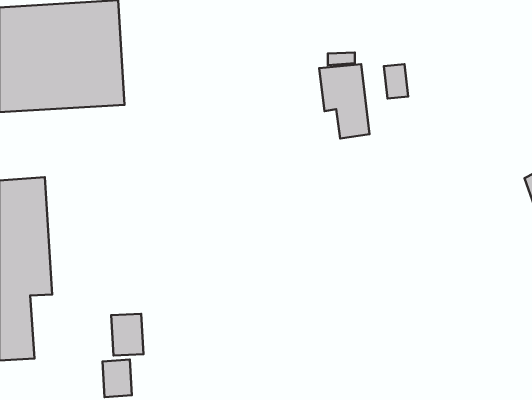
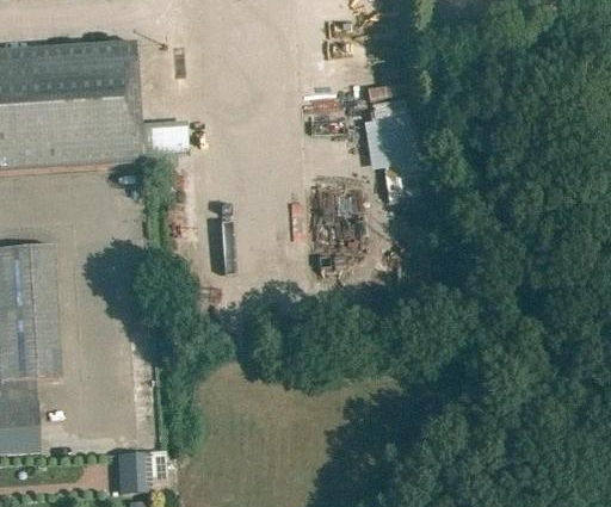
building: [384,64,408,98] -> none
building: [111,314,144,356] -> none

